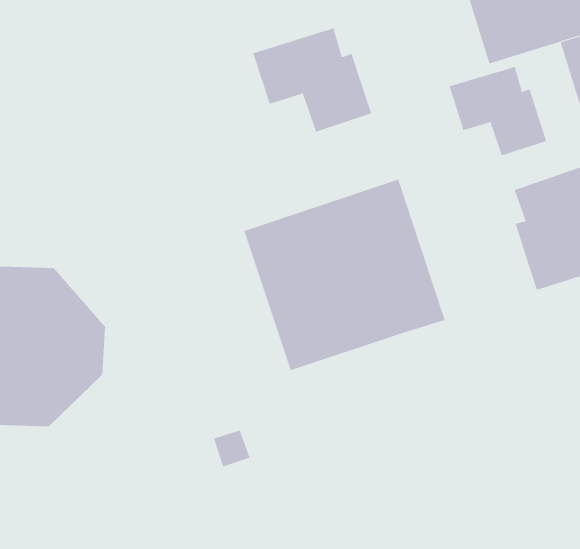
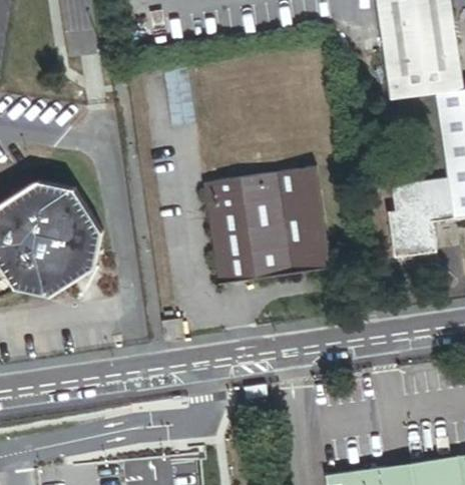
building: [253,28,372,132] -> none
building: [449,66,547,156] -> none

